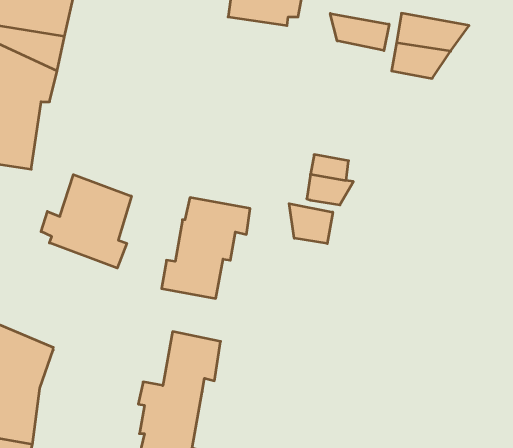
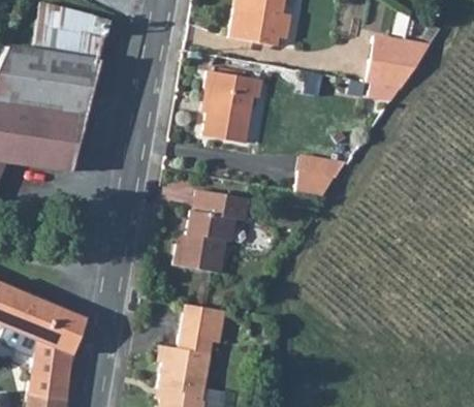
building: [330,13,389,51] -> none
building: none -> [203,73,262,145]
building: [41,175,131,268] -> none
building: [289,204,333,244] -> none

